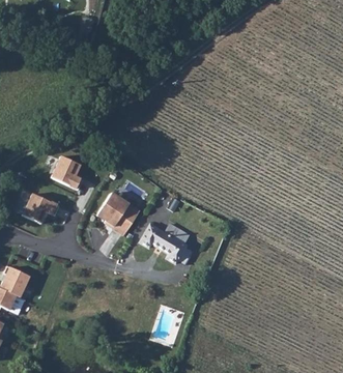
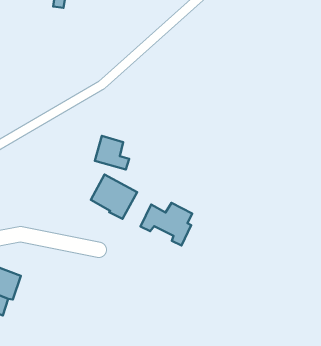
building: [53,154,84,187] -> [95,136,129,169]
building: [25,193,61,222] -> none

